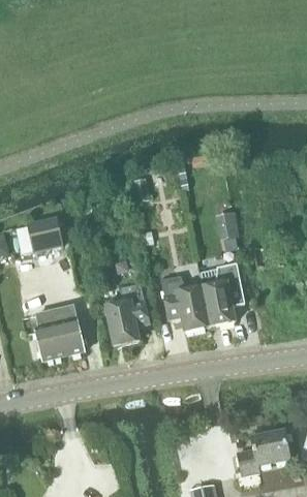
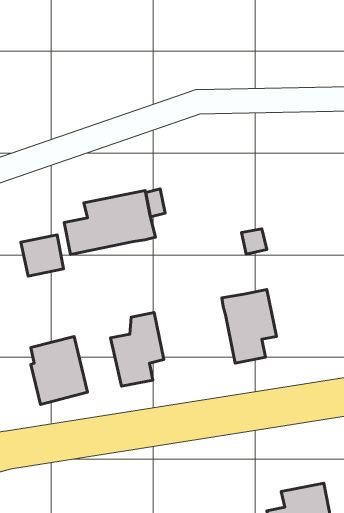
building: none -> [64,191,155,254]
building: [162,276,210,332] -> none

